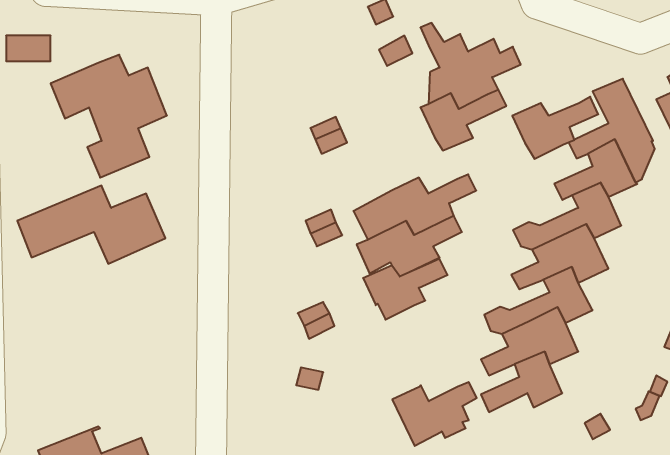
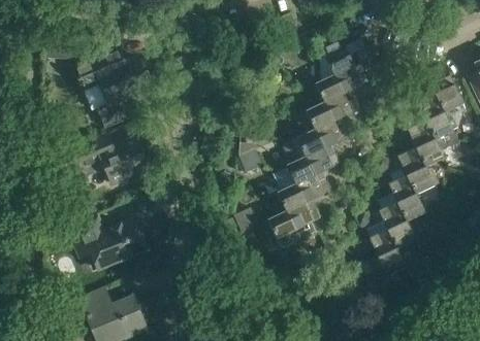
building: [512,97,598,159] -> [306,98,361,138]
building: none -> [68,215,149,269]
building: [392,382,477,446] -> [268,207,323,248]

